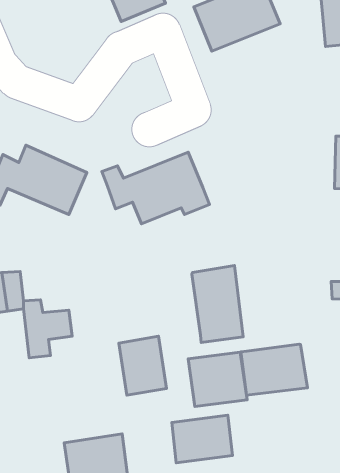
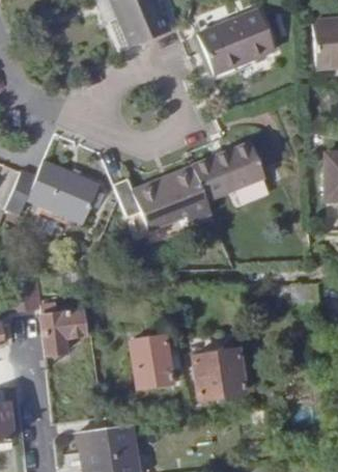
building: none -> [192,143,265,199]
building: [192,266,243,342] -> none
building: [241,344,307,395] -> none
building: [172,415,232,463] -> none

